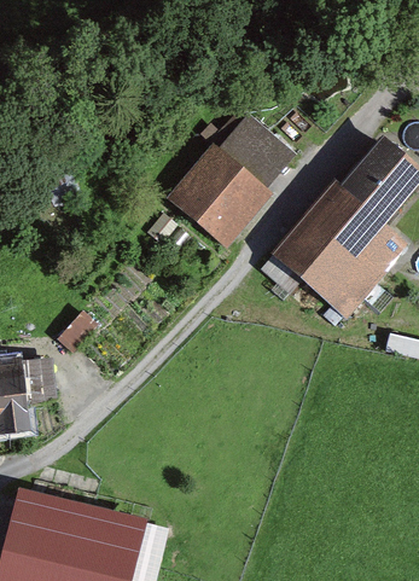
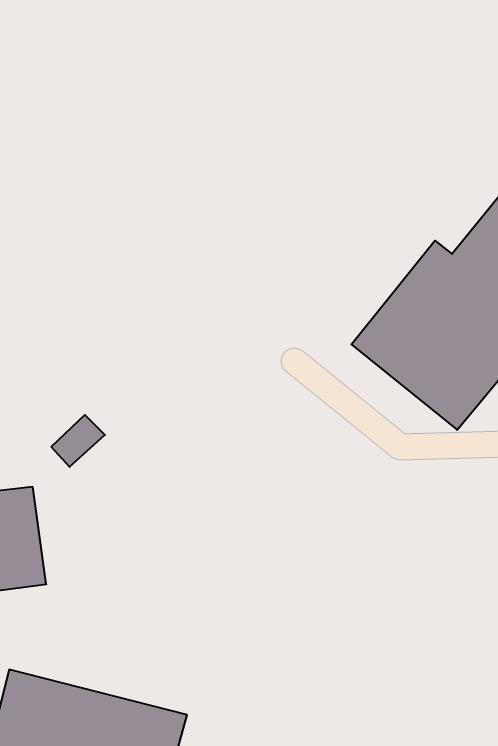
building: [164,115,290,246] -> none

